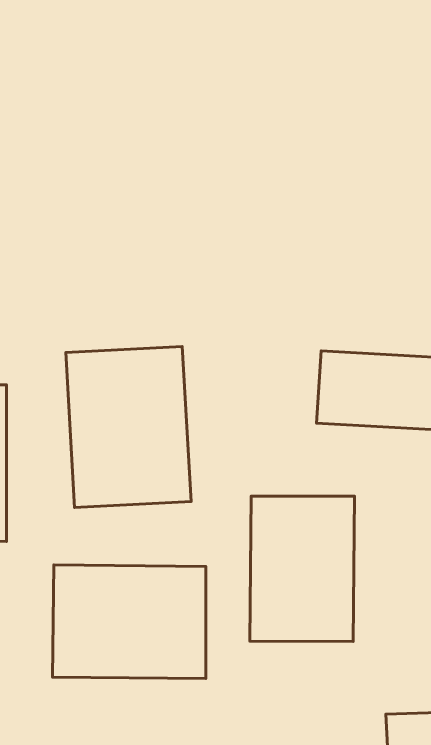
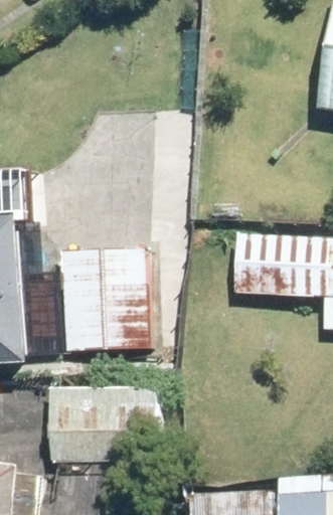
building: [250,496,355,641] -> none

